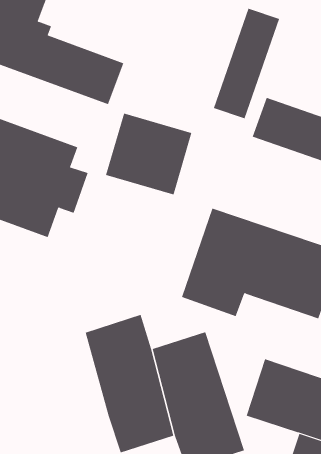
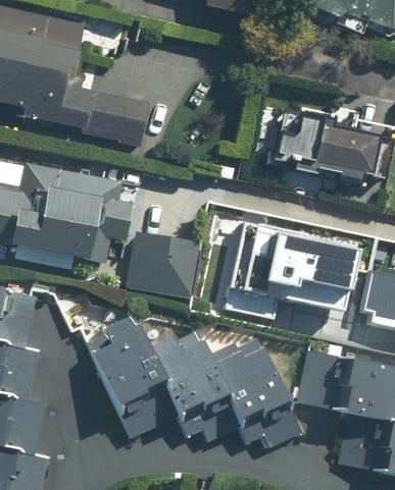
building: [213,8,280,119] -> none
building: [105,113,192,195] -> [128,230,200,297]
building: none -> [87,321,176,438]

